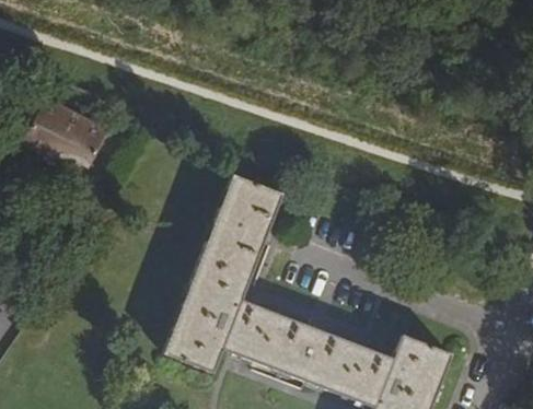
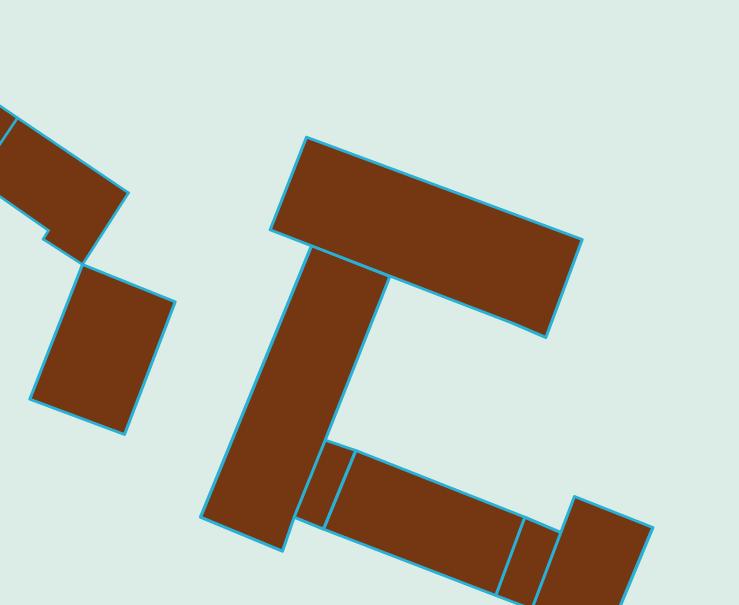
building: none -> [270,137,582,338]
building: none -> [30,265,175,435]

